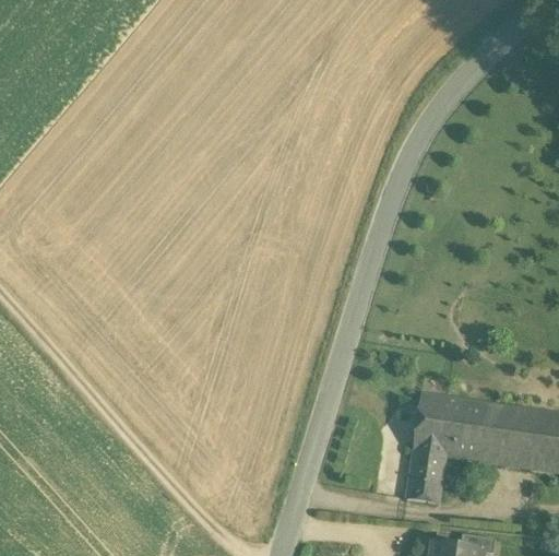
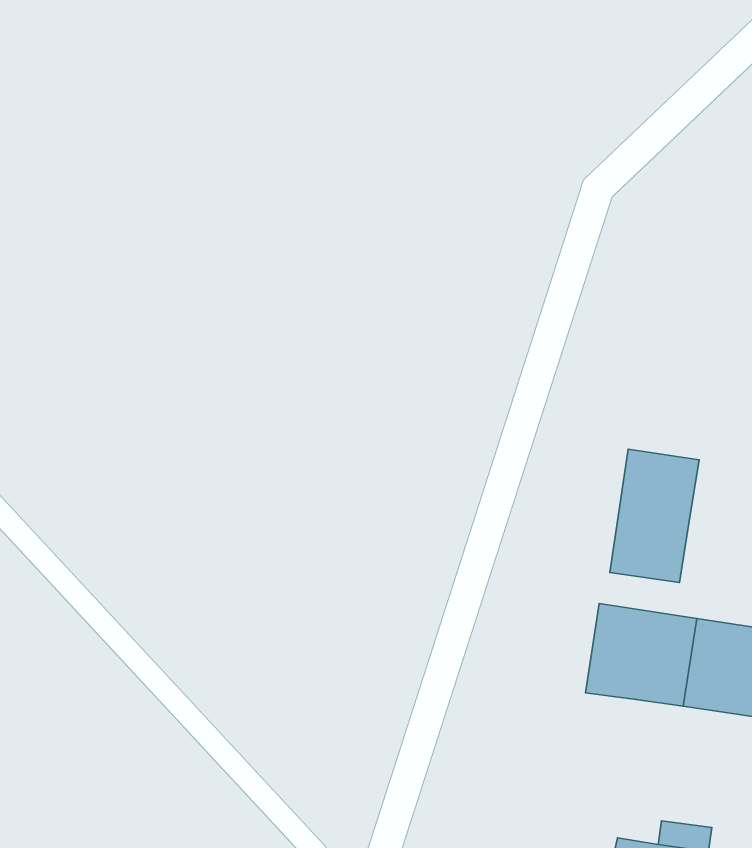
building: none -> [610,449,699,583]
building: [407,451,447,504] -> none

